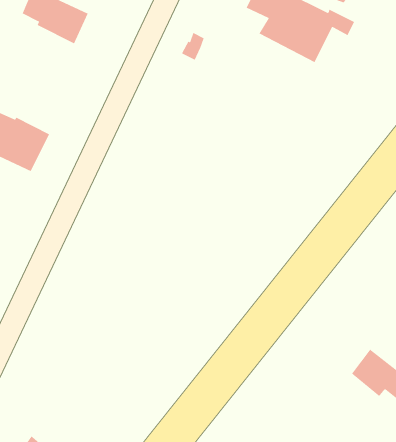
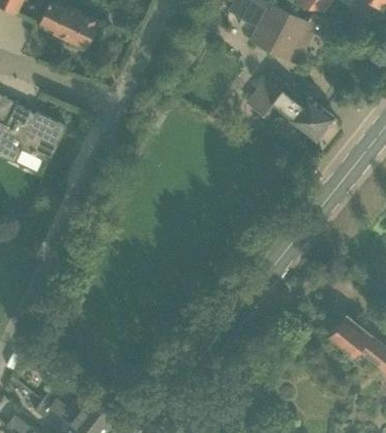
building: none -> [244,72,334,142]

